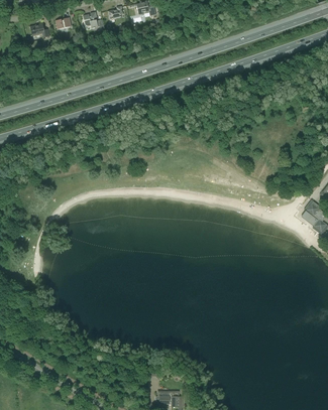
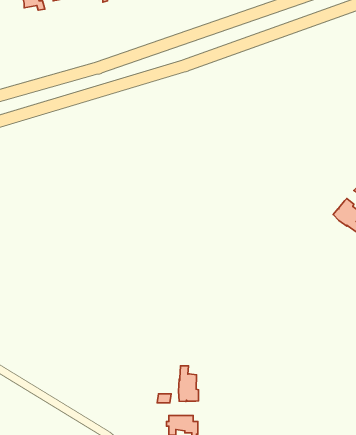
building: none -> [178,366,198,401]

